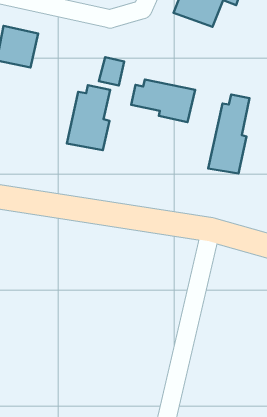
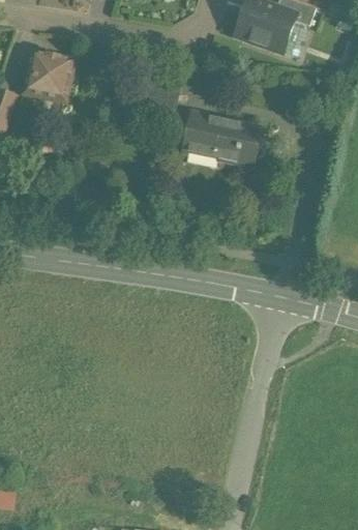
building: [67,85,110,150] -> none
building: [208,94,250,174] -> none

